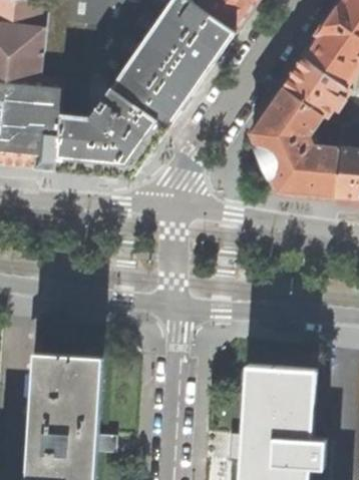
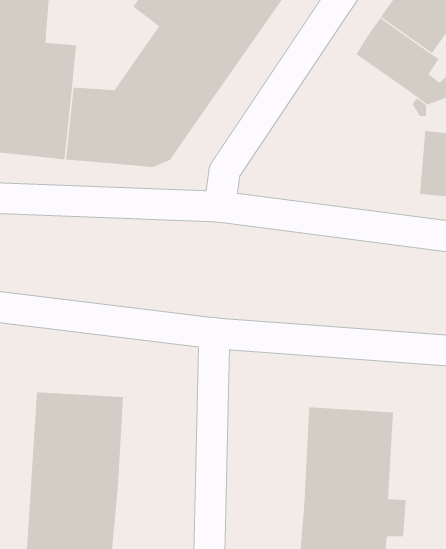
building: [250,87,337,197] -> none

